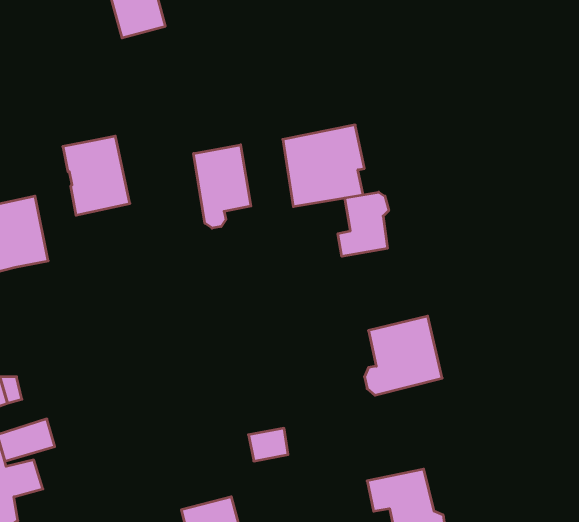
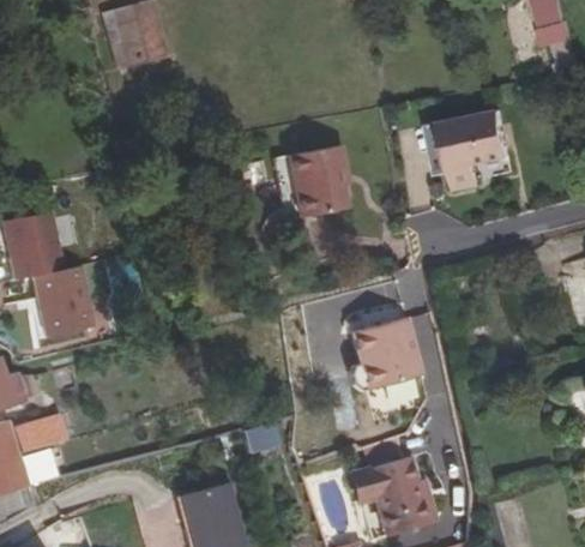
building: none -> [440,110,509,188]
building: [63,136,130,215] -> [31,266,92,338]
building: [194,145,251,228] -> none
building: [338,192,389,256] -> none

